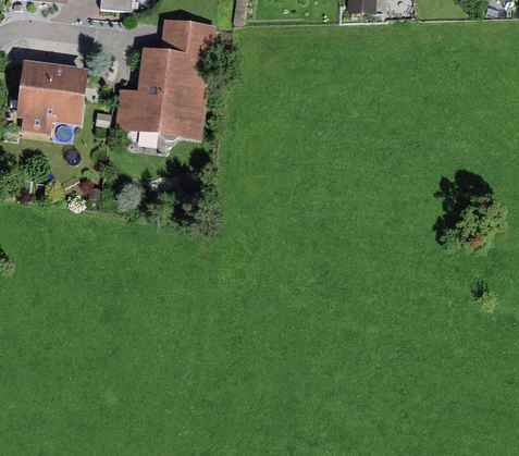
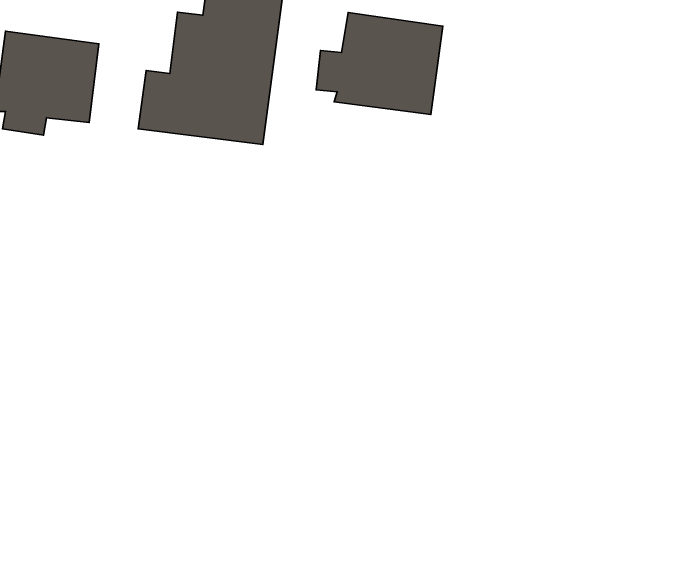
building: none -> [316,12,443,115]

